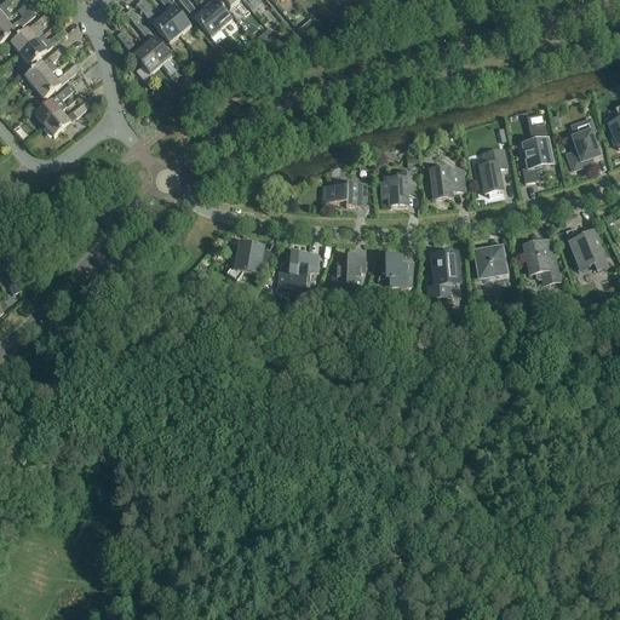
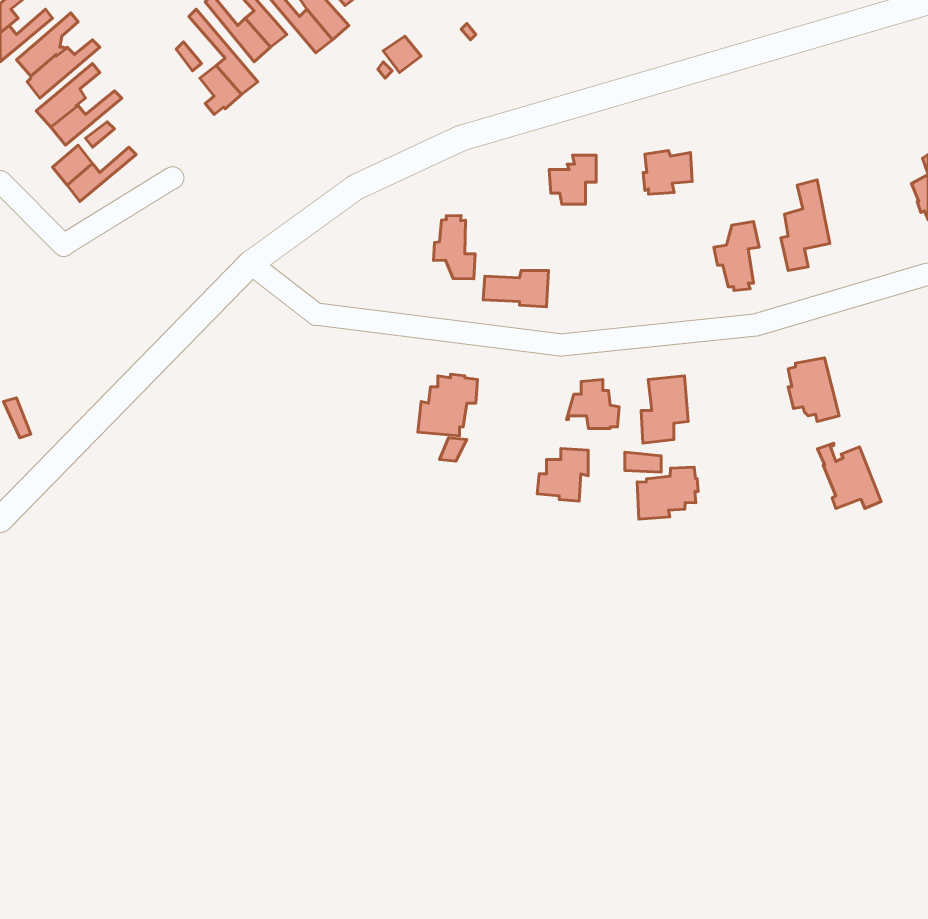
building: [567,116,599,168] -> none
building: none -> [434,215,475,279]
building: [431,167,464,196] -> [643,151,692,194]
building: [383,171,414,203] -> [549,155,596,204]
building: [566,225,608,269] -> [818,443,881,509]
building: [226,241,274,279] -> none
building: [475,246,507,277] -> none
building: [332,253,366,288] -> [537,449,588,501]
building: none -> [637,467,698,519]

